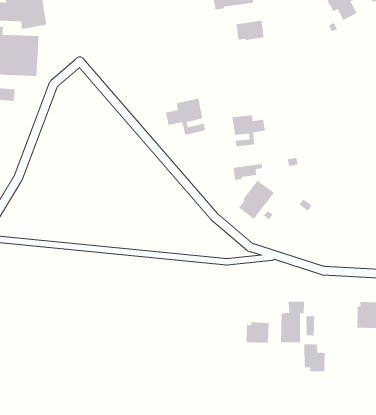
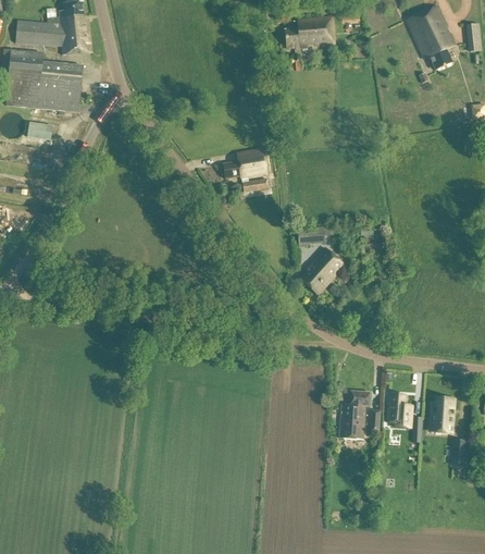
building: [236,20,264,41] -> none
building: [232,114,265,147] -> none
building: [246,322,269,343] -> none
building: [303,344,326,372] -> [388,394,414,428]

